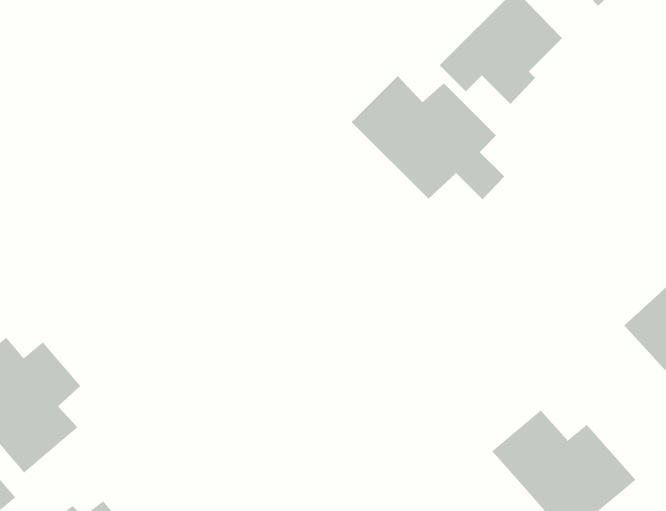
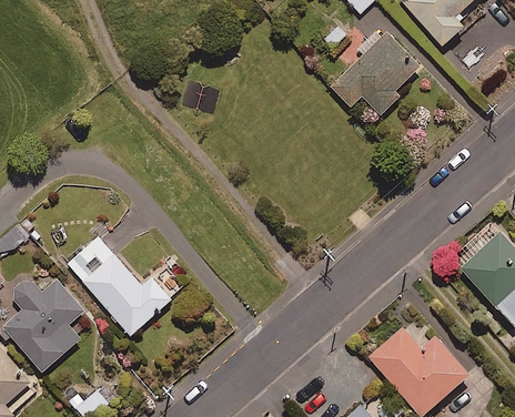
building: [351,75,505,200] -> none
building: none -> [67,235,172,336]

